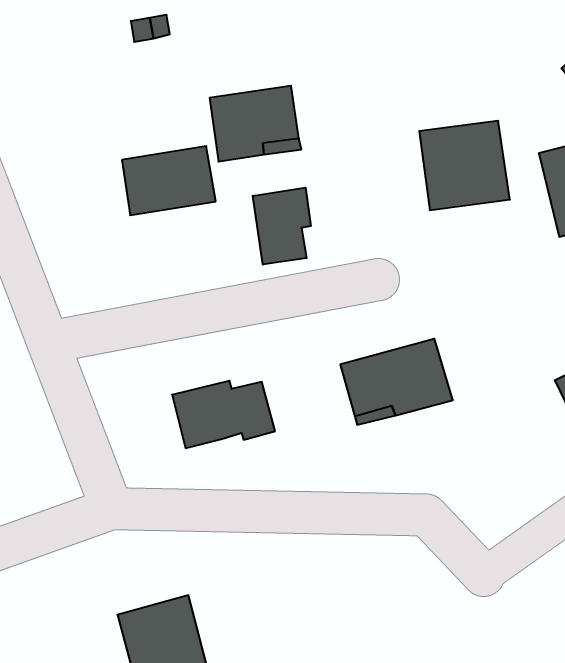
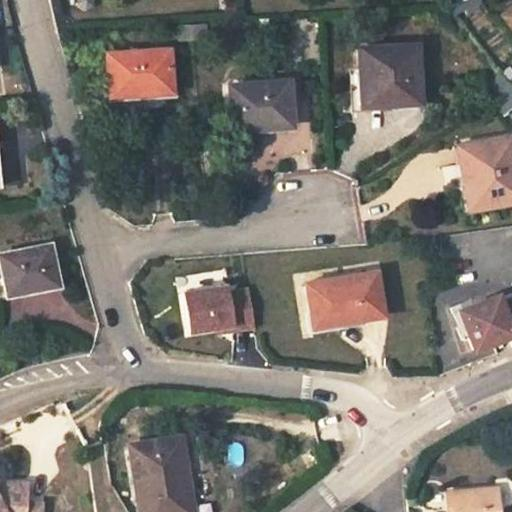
building: [419,121,510,210] -> [361,46,421,105]
building: [122,146,216,215] -> [109,50,173,94]
building: [253,188,311,265] -> none

